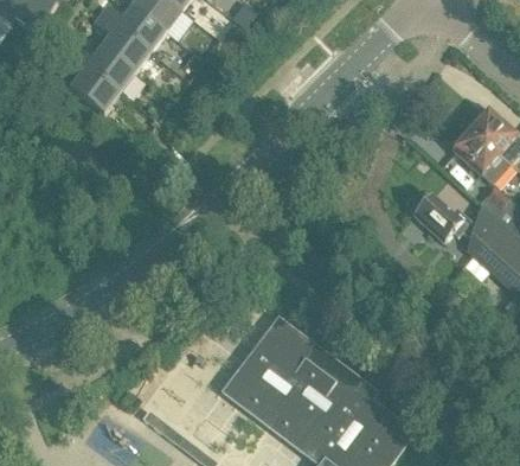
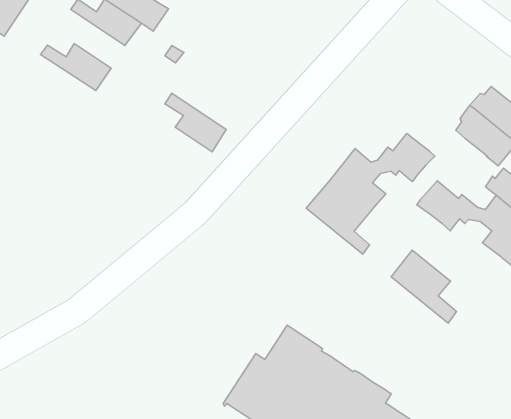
building: [94,14,149,71] -> [165,93,226,152]
building: [63,55,120,113] -> none
building: none -> [306,133,435,254]
building: none -> [391,250,457,323]

